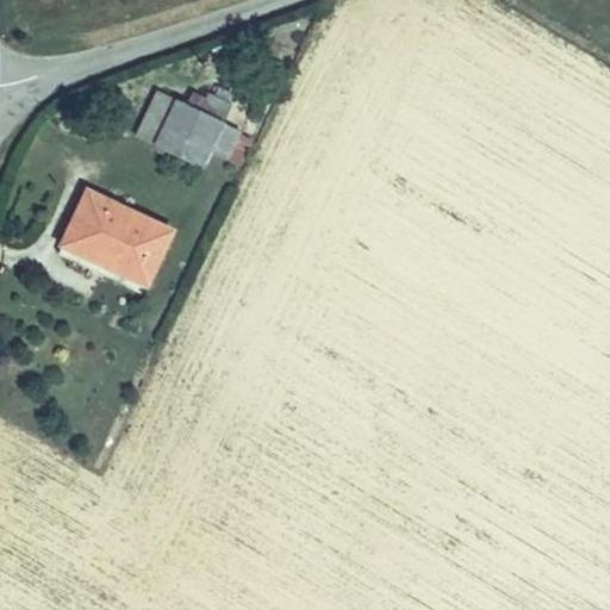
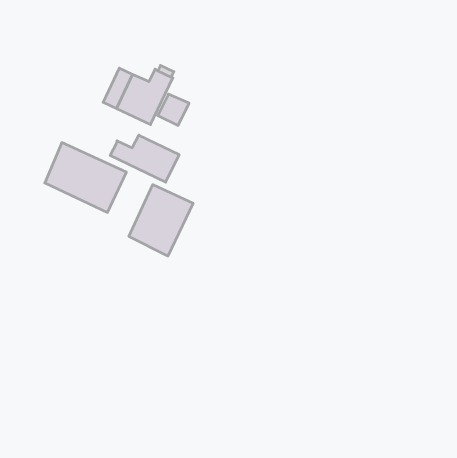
building: none -> [110,135,179,182]
building: none -> [129,185,193,256]

